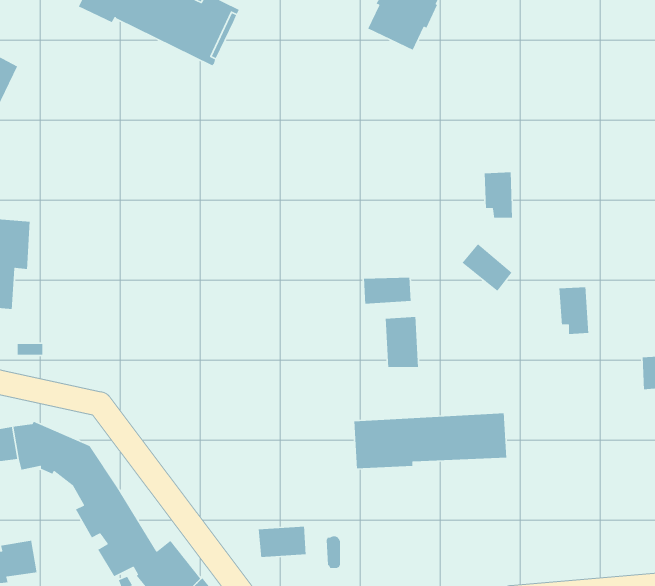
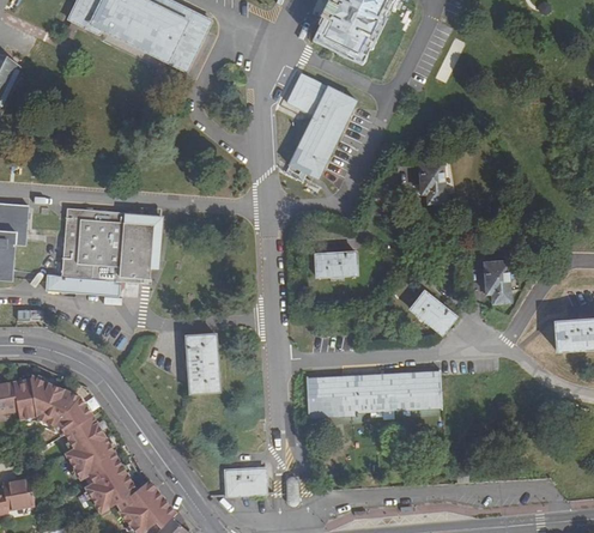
building: none -> [287,73,354,176]
building: none -> [46,207,158,296]
building: [461,243,513,292] -> [410,291,454,333]
building: [385,316,419,368] -> none
building: none -> [186,333,218,390]

